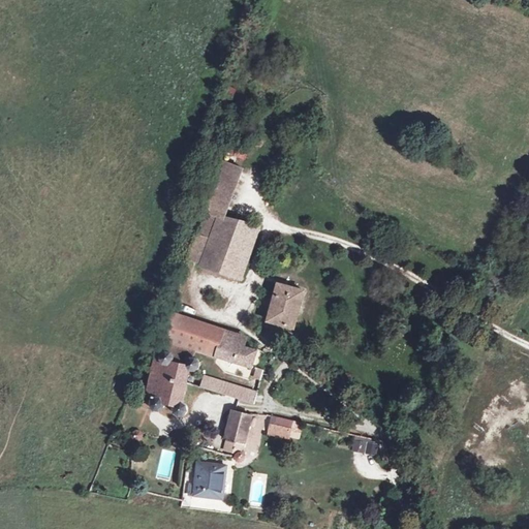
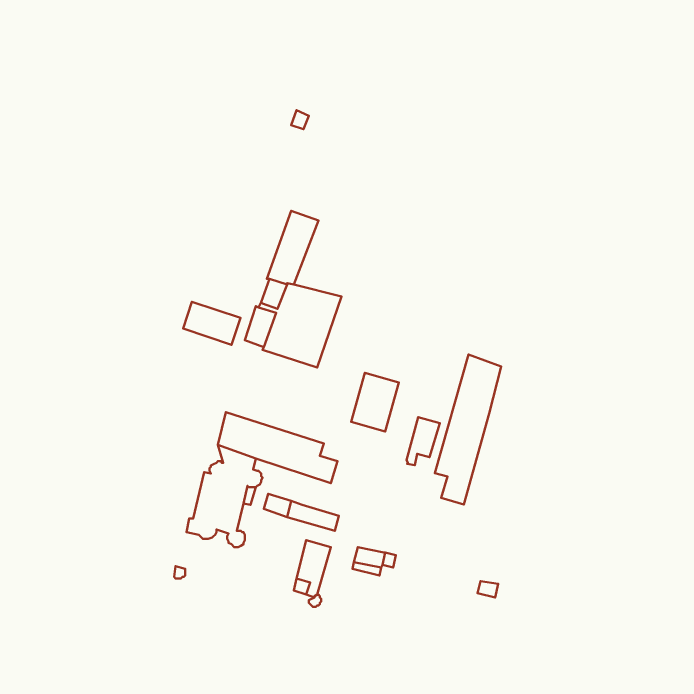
building: none -> [183,302,241,345]
building: none -> [435,355,501,504]
building: none -> [407,417,440,465]
building: [188,461,225,498] -> none

